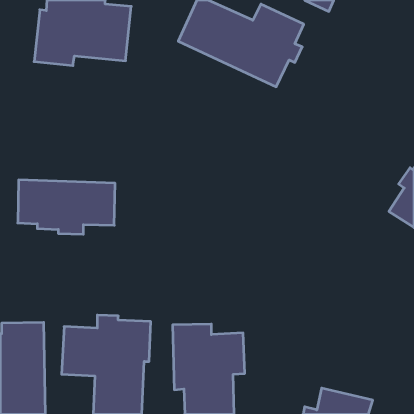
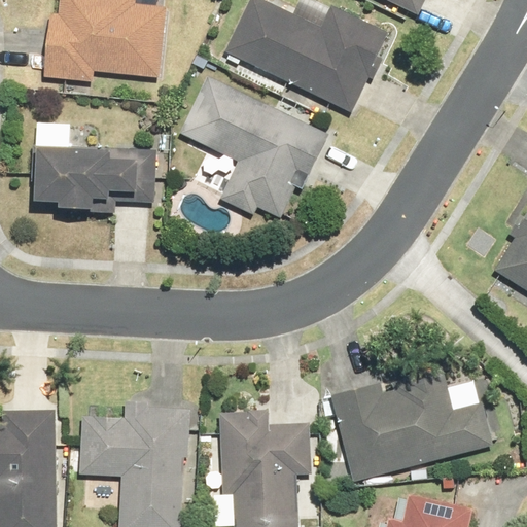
building: none -> [179,75,329,219]
building: [18,180,115,234] -> [33,146,156,215]
building: none -> [331,365,494,482]

